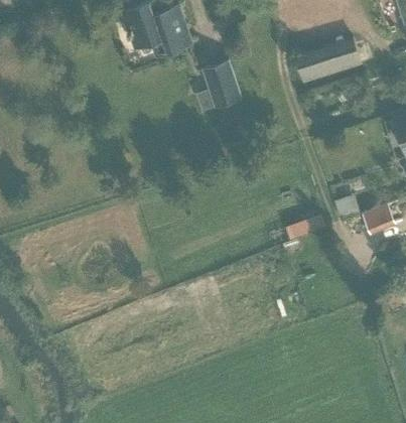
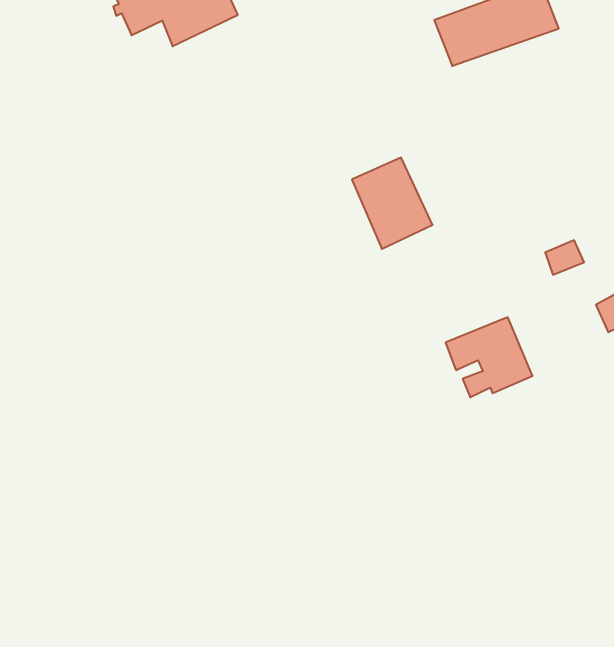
building: [204,59,244,107] -> [352,158,433,249]

